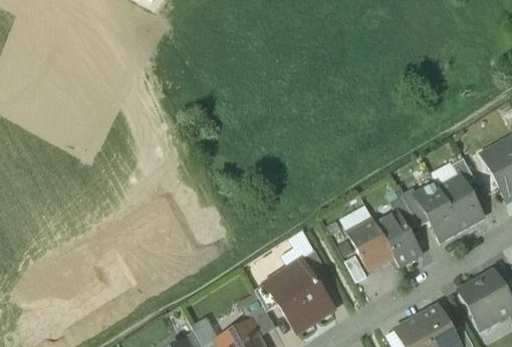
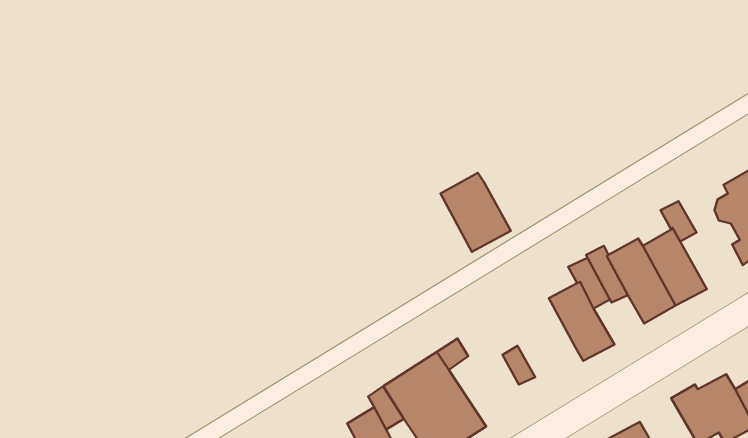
building: [346,217,394,270] -> [441,173,511,252]

